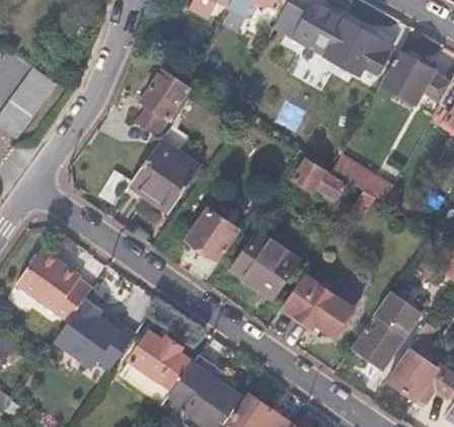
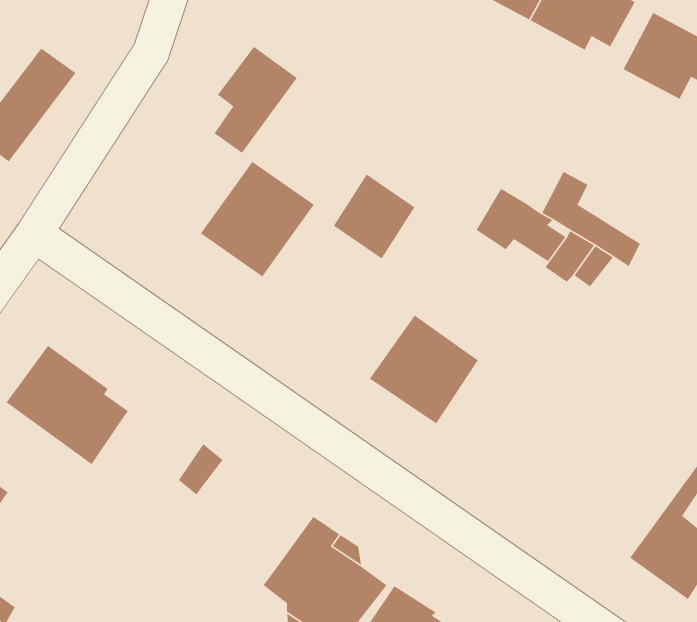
building: [186,207,236,259] -> [333,173,416,260]
building: [284,274,354,336] -> none
building: [354,307,414,366] -> none
building: [56,324,106,382] -> none
building: [129,330,192,389] -> none

